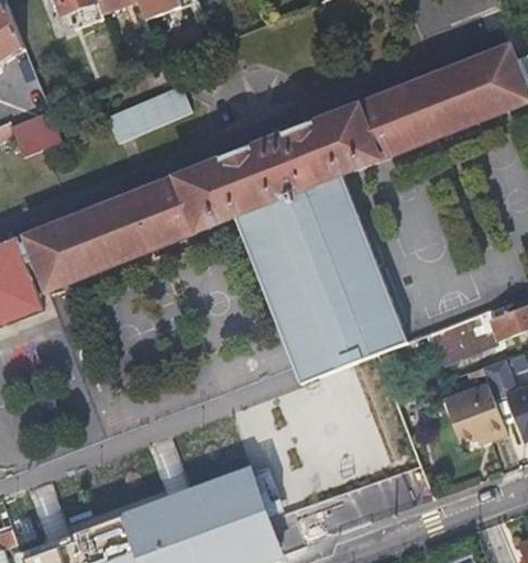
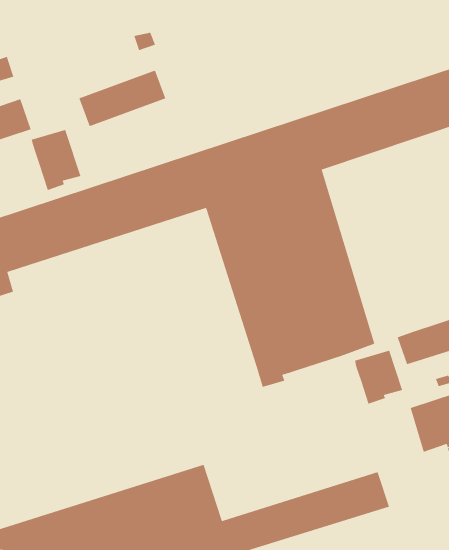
building: none -> [31,129,81,191]
building: none -> [354,350,403,405]

